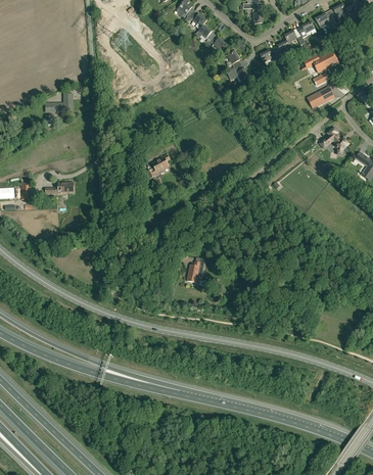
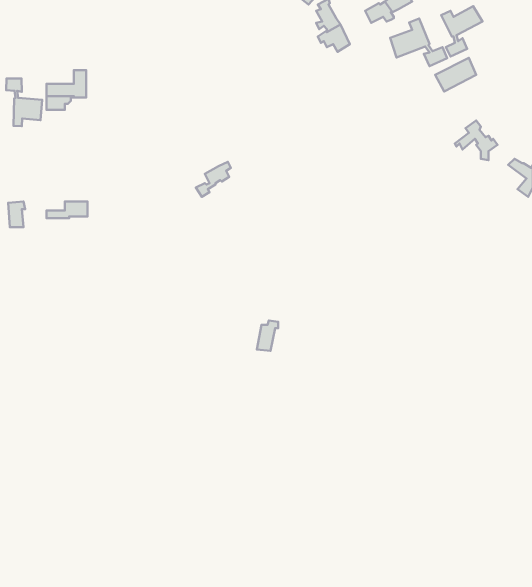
building: none -> [390,18,447,66]
building: none -> [6,79,42,126]

